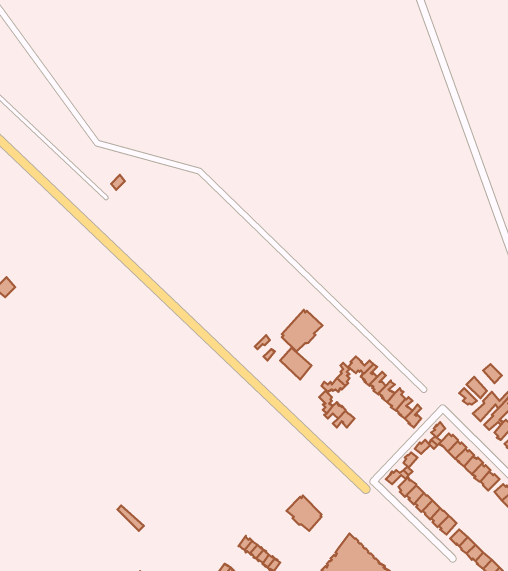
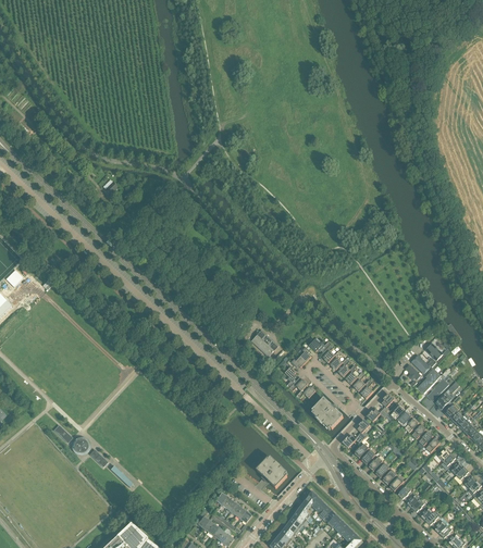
building: [282,310,323,352] -> none
building: none -> [311,398,342,428]

